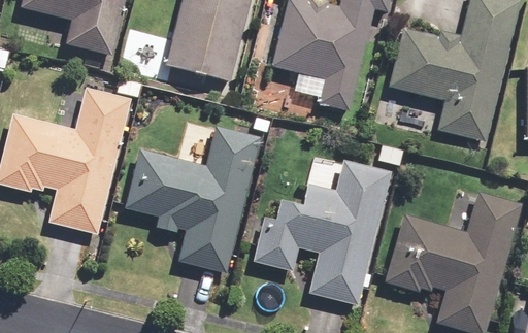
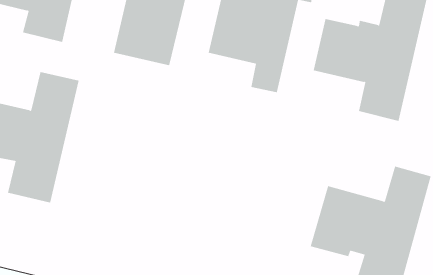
building: [125,128,260,274] -> none
building: [253,161,390,307] -> none

